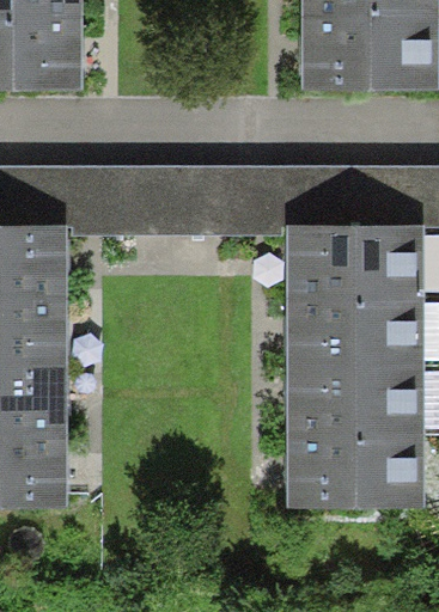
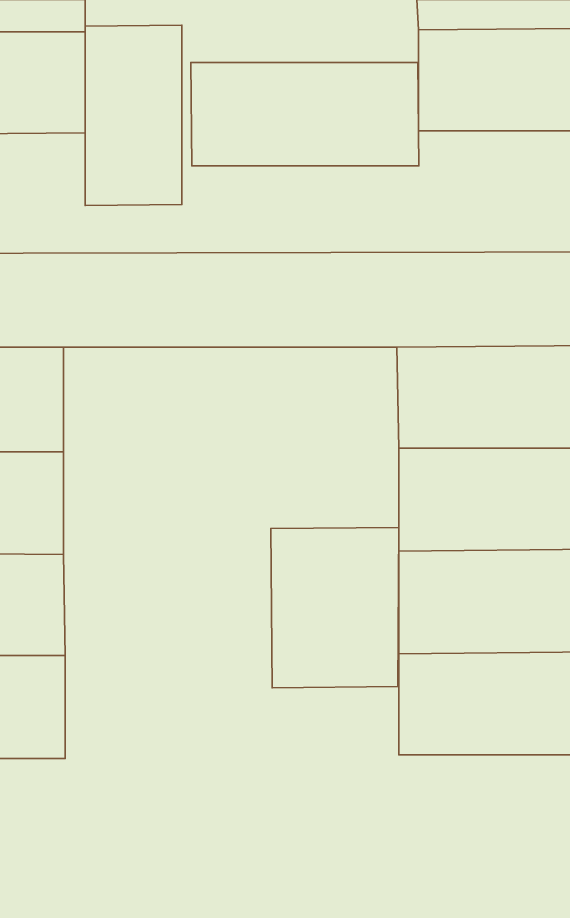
building: none -> [85,25,182,205]
building: none -> [191,63,419,166]
building: none -> [271,527,399,688]

